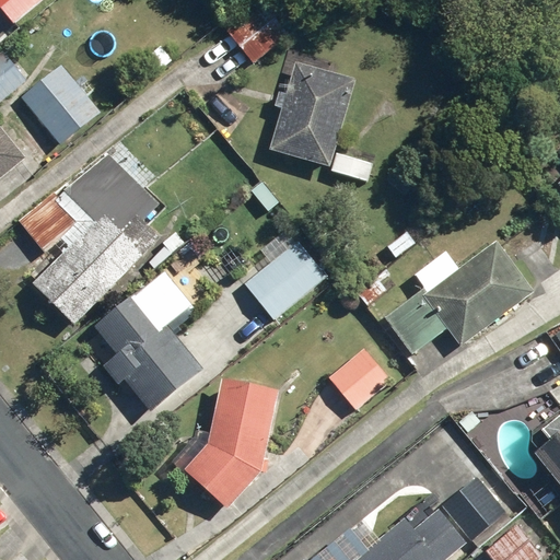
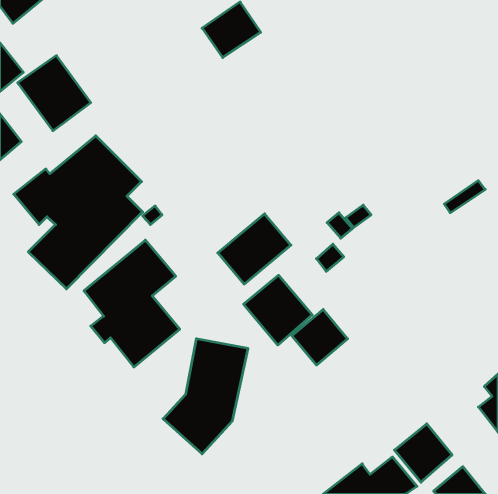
building: [270,61,372,182] -> none
building: [383,242,533,351] -> none
building: none -> [244,275,312,345]

